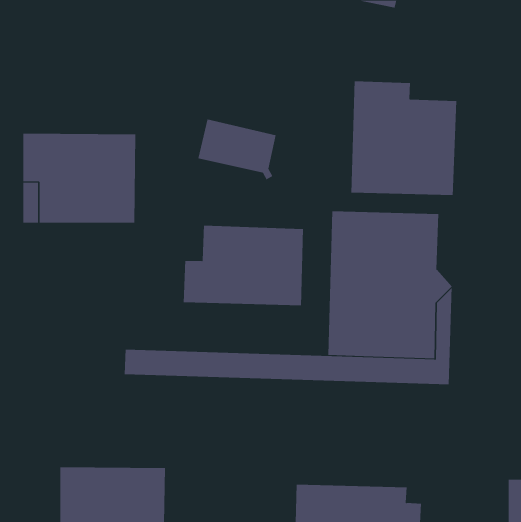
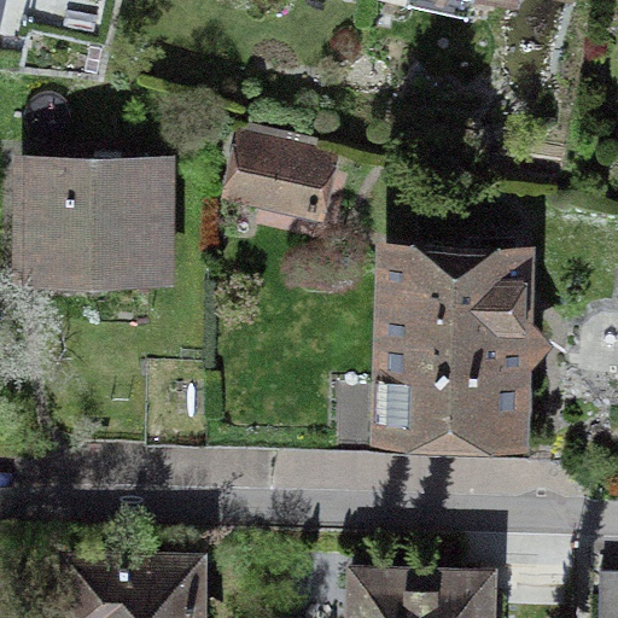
building: [351,81,457,196] -> none
building: [183,225,303,306] -> none

